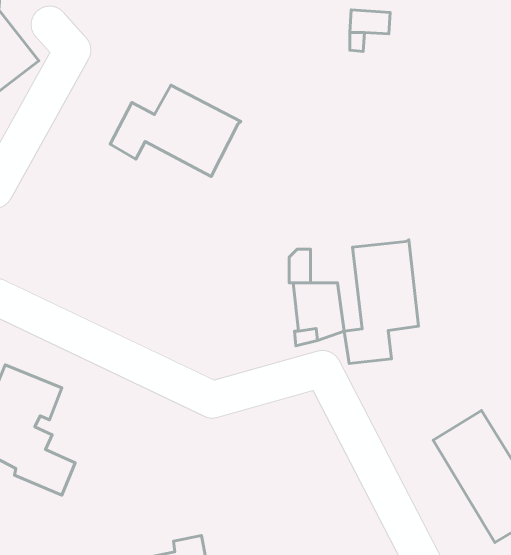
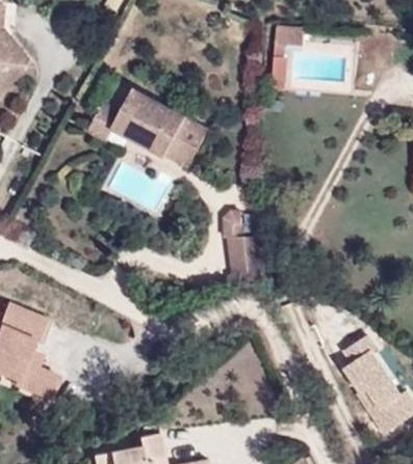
building: none -> [164,115,208,167]
building: [344,240,419,363] -> none

